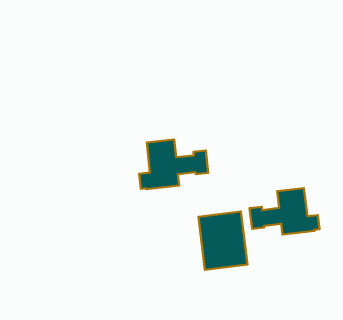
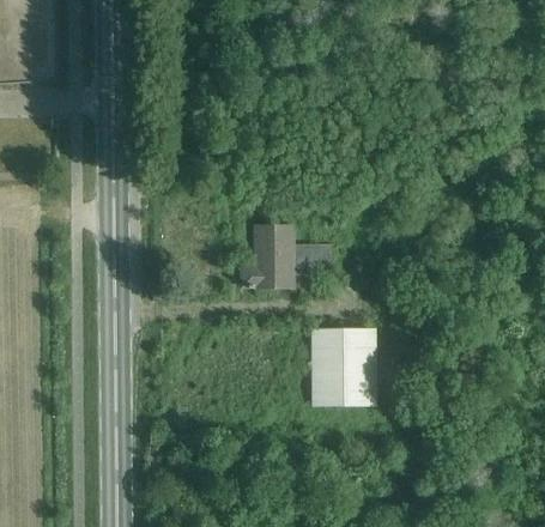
building: [250,188,319,235] -> none

